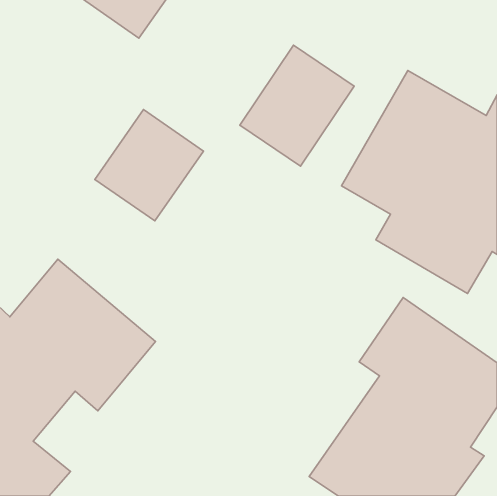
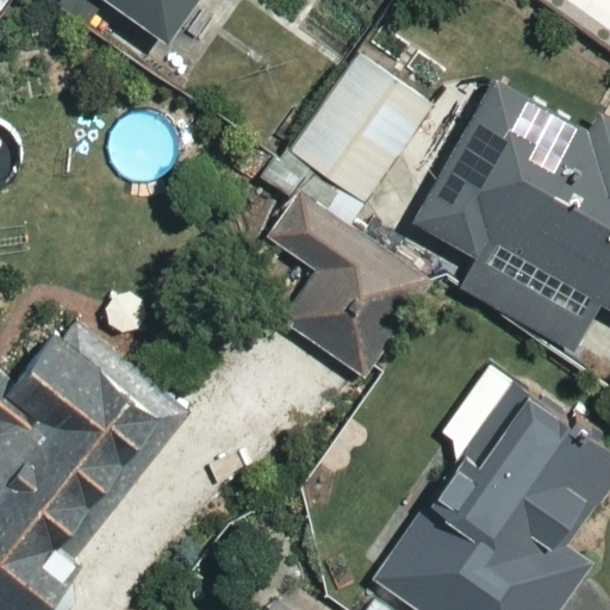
building: [95,109,204,221] -> none
building: none -> [268,192,425,374]

